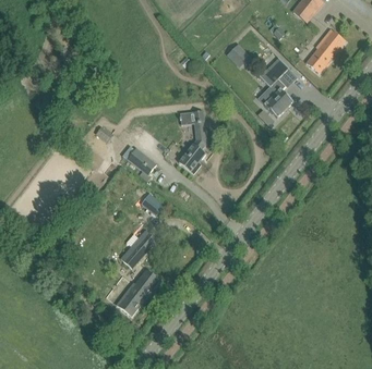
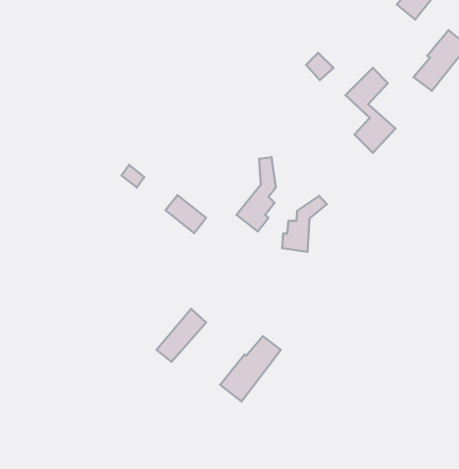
building: none -> [282,196,327,252]
building: [116,269,159,316] -> [220,336,281,401]

